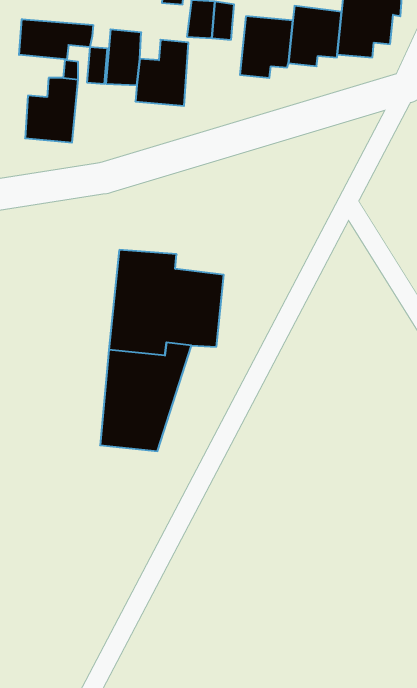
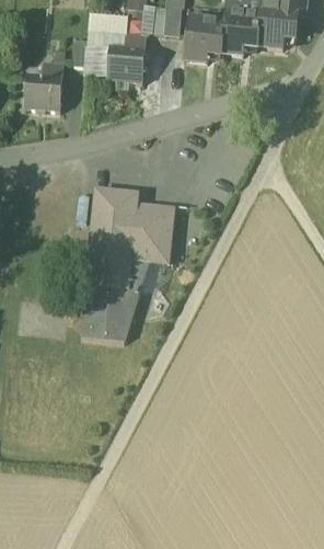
building: [19,19,93,60] -> none

